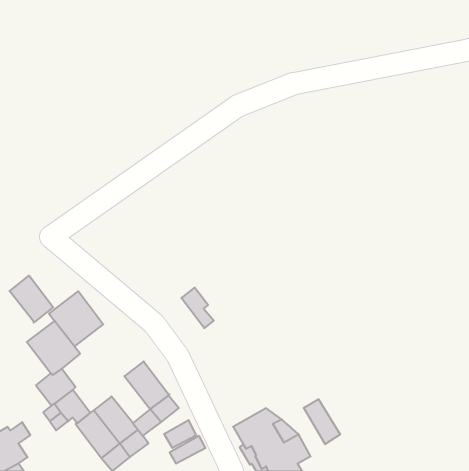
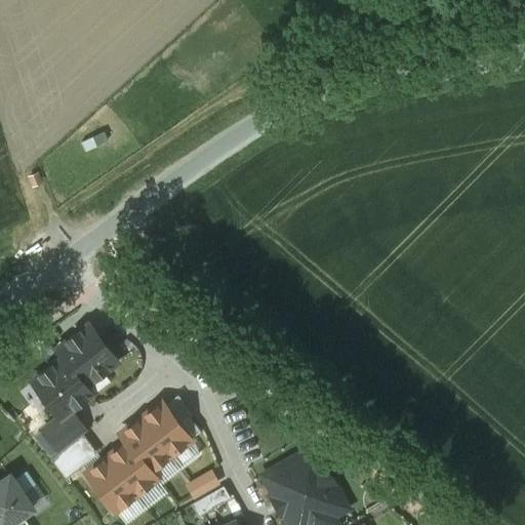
building: [9,276,53,323] -> none
building: [181,288,214,328] -> [162,394,198,439]
building: none -> [119,418,167,471]
building: [304,399,340,444] -> none

